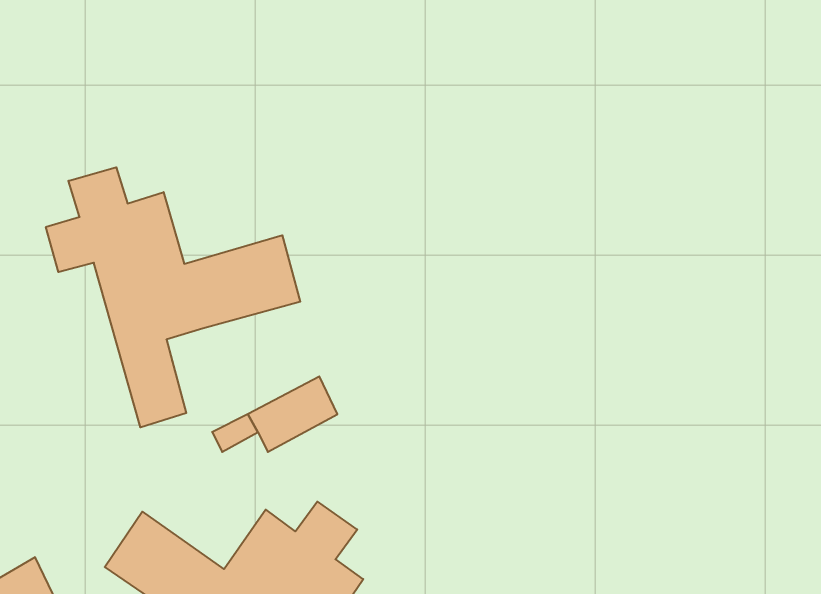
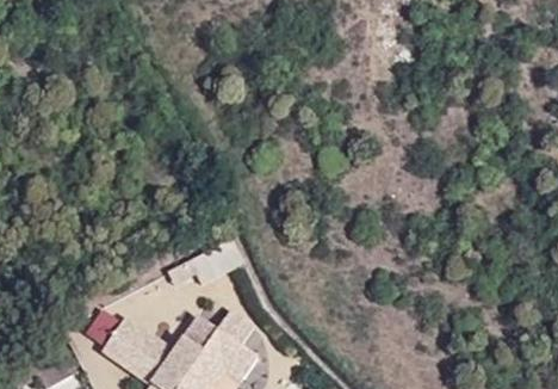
building: [46,167,300,427] -> none

